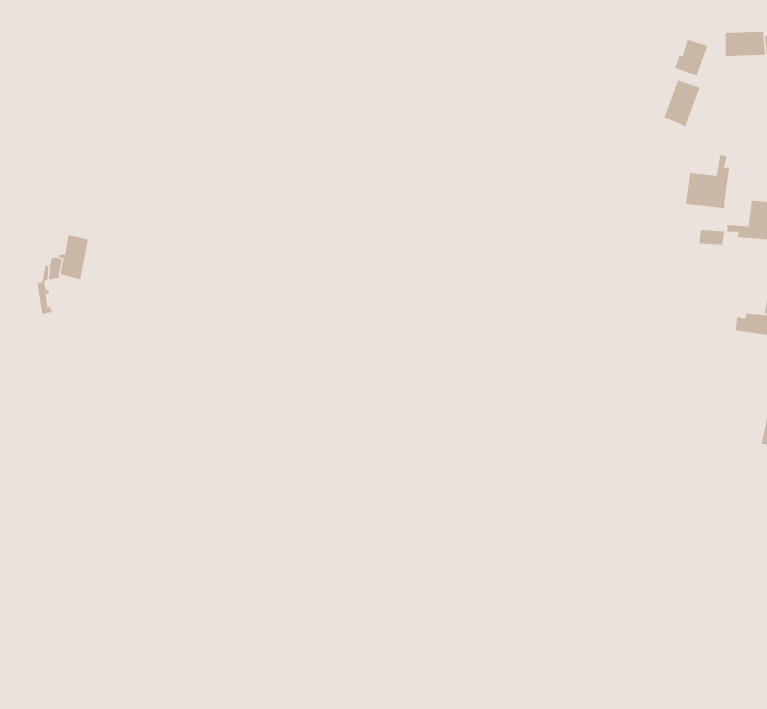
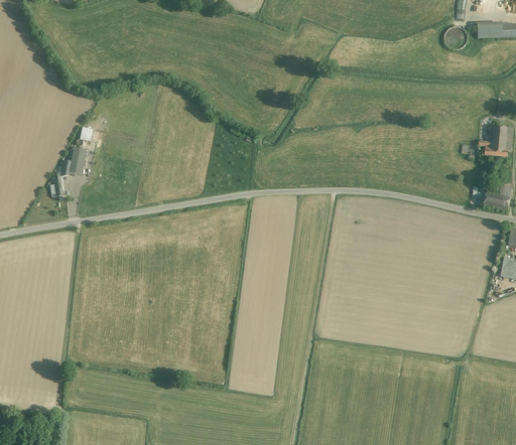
building: [663,80,701,127] -> none
building: [685,154,730,209] -> none

